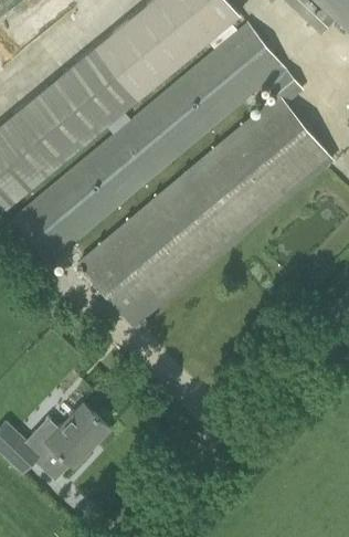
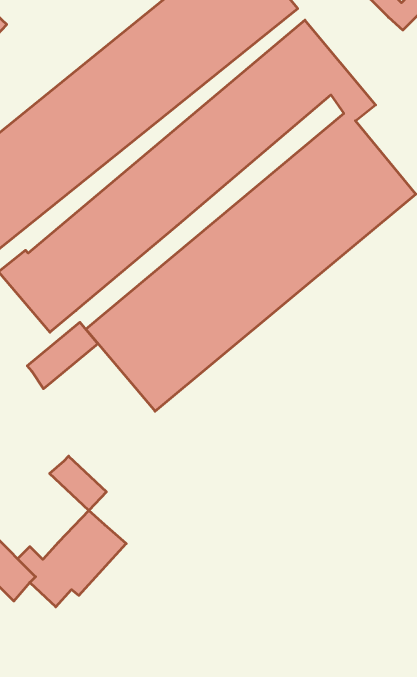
building: none -> [27,322,98,389]
building: none -> [50,456,106,511]

